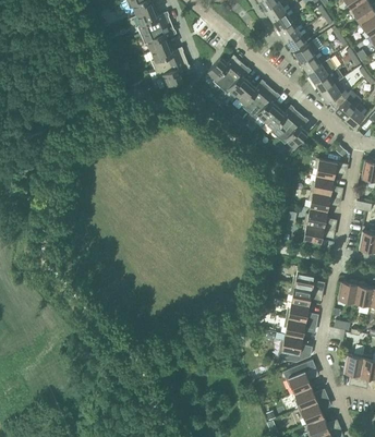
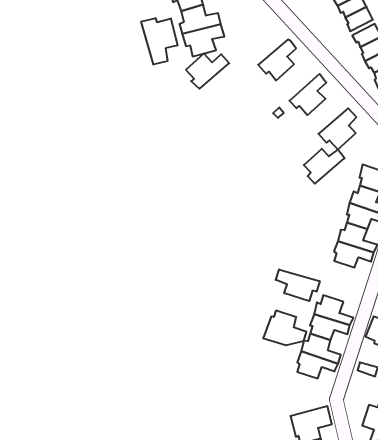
building: [207,57,242,87] -> [186,53,229,89]
building: none -> [141,18,178,65]
building: [237,82,271,113] -> none
building: [266,107,299,137] -> [304,149,345,184]
building: none -> [276,269,320,301]
building: [277,335,312,362] -> [263,311,306,345]

